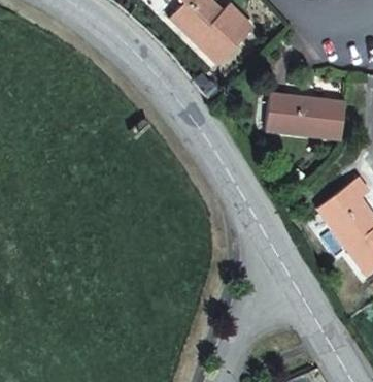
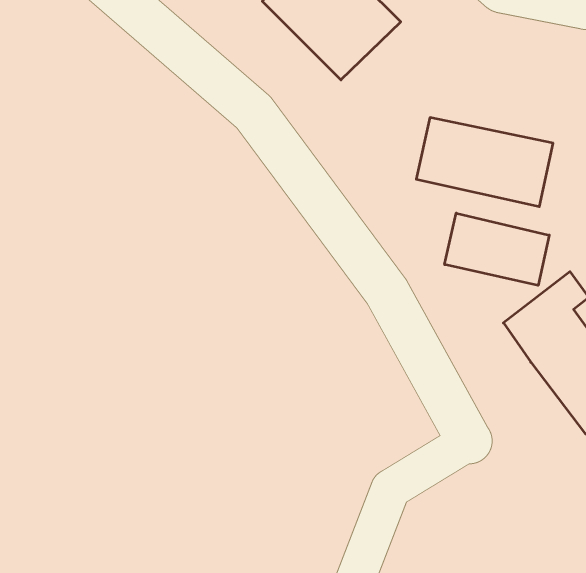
building: none -> [445,213,549,285]

